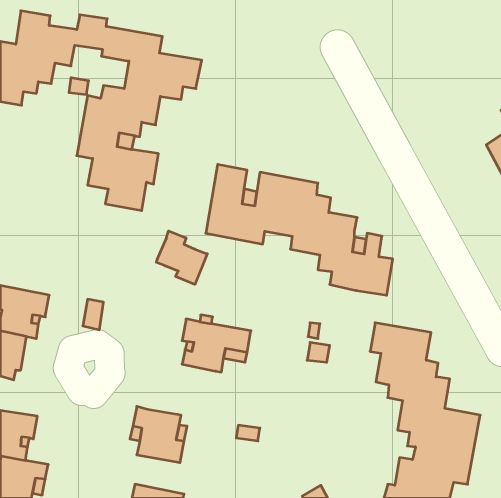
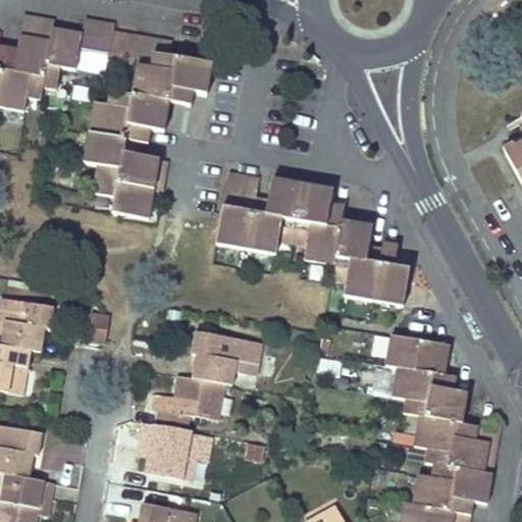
building: [156,231,207,284] -> none
building: none -> [149,375,225,429]

